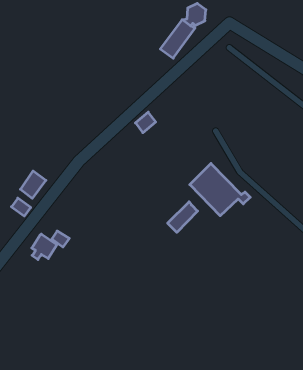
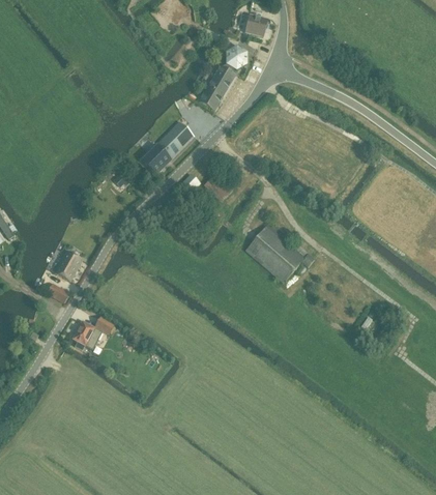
building: none -> [142,120,195,173]
building: [168,202,198,232] -> none

